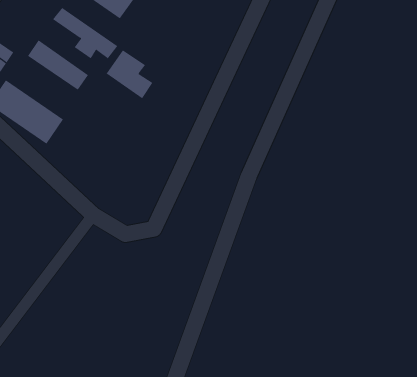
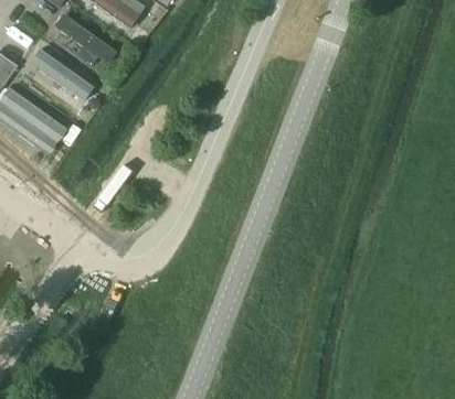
building: [106,49,153,99] -> none

